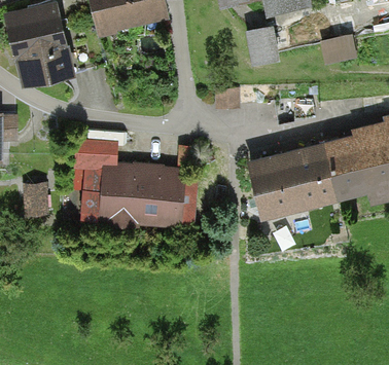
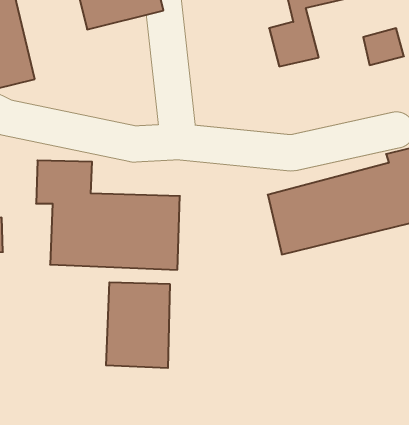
building: none -> [106,282,170,368]

